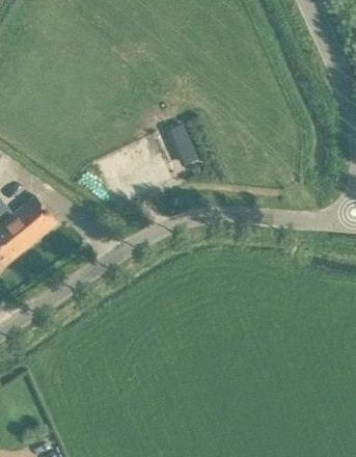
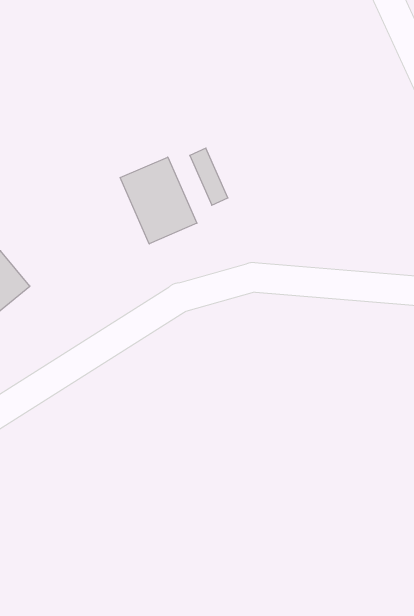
building: none -> [120,157,197,244]

